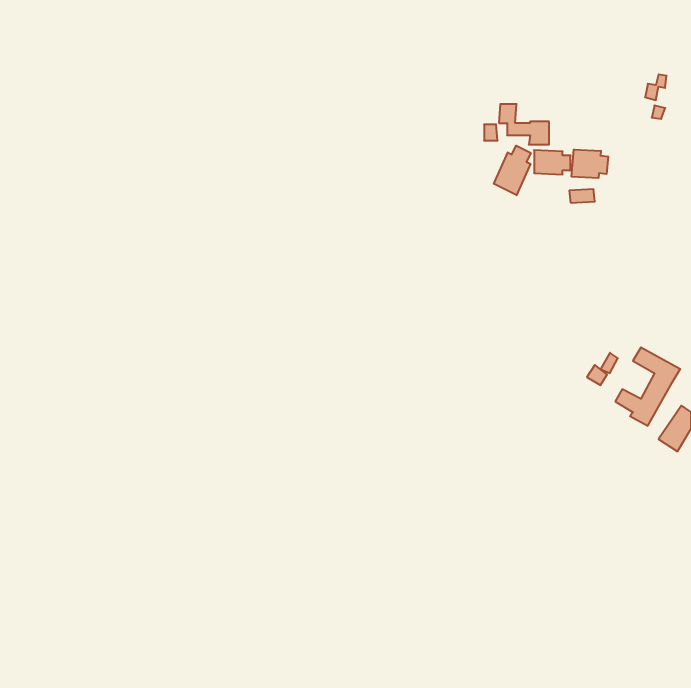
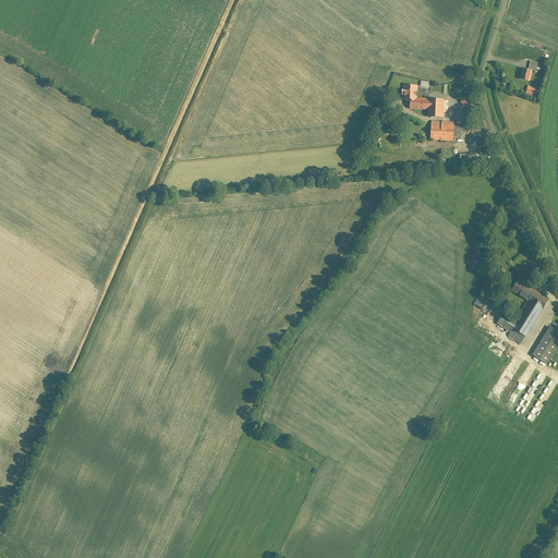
building: [494,146,531,195] -> none
building: [572,149,608,178] -> none

